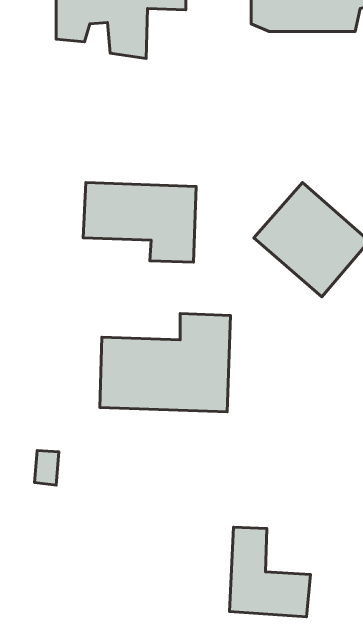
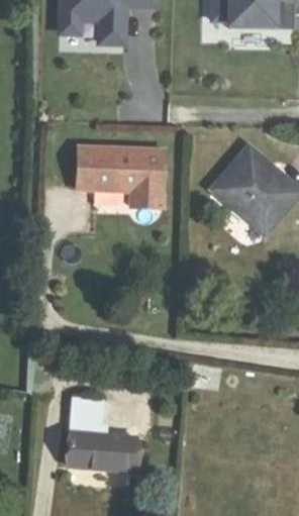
building: [100,313,231,412] -> none
building: [230,527,310,617] -> [73,398,136,469]

